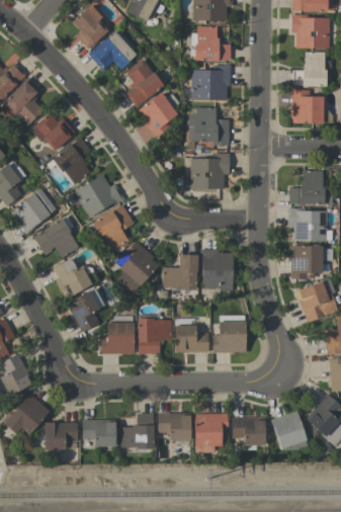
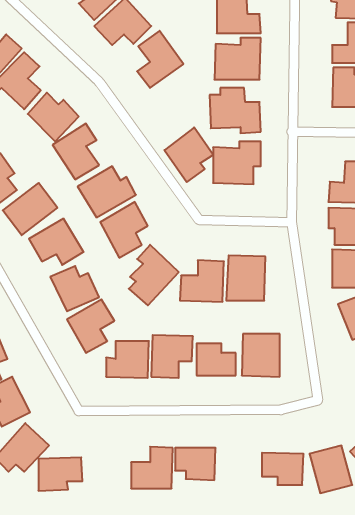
building: [137,92,178,139] -> [164,127,213,182]
building: [193,413,228,452] -> none
building: [81,420,115,447] -> none

